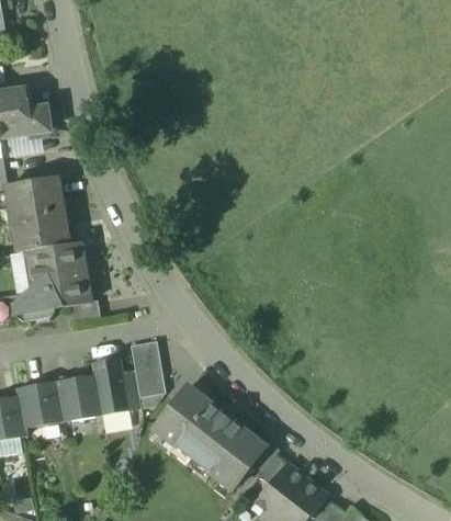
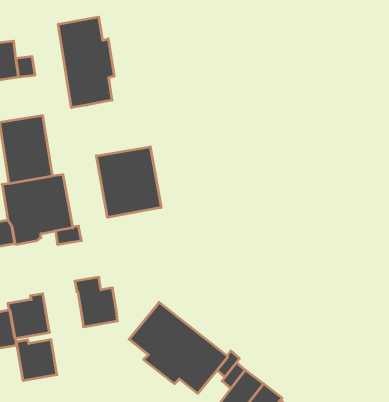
building: none -> [58,17,114,108]
building: none -> [96,147,161,217]
building: [132,342,166,396] -> none
building: [57,374,103,420] -> [16,340,57,380]

